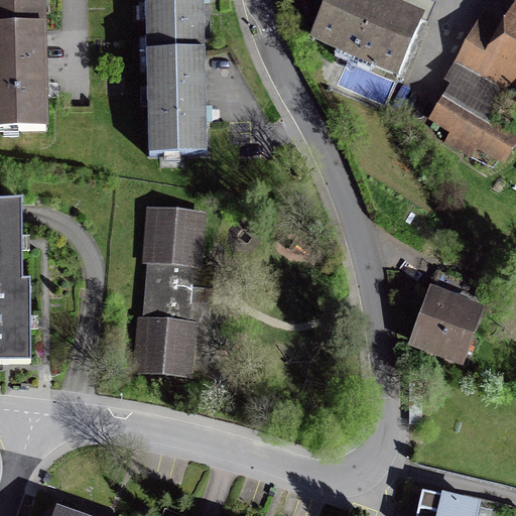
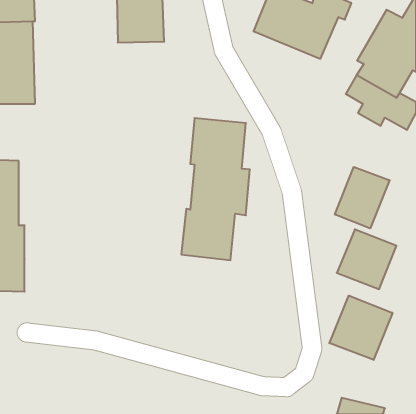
building: [145,51,204,153] -> none
building: none -> [335,167,390,228]
building: [132,207,217,382] -> [181,118,250,260]
building: none -> [329,296,392,360]

